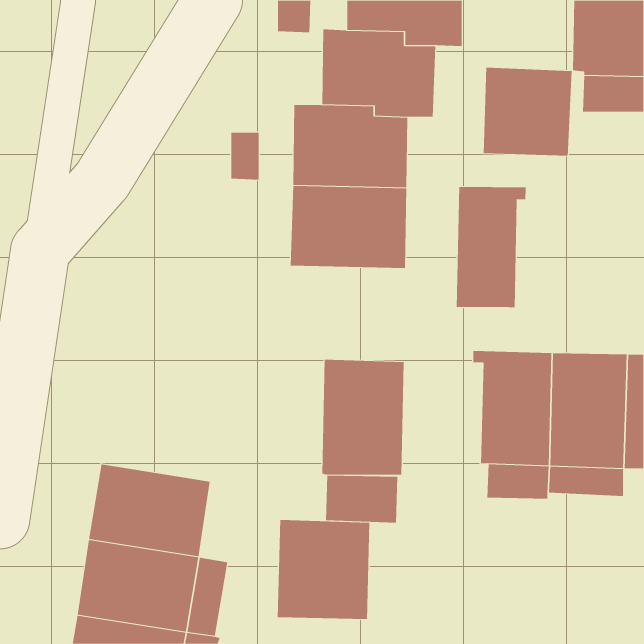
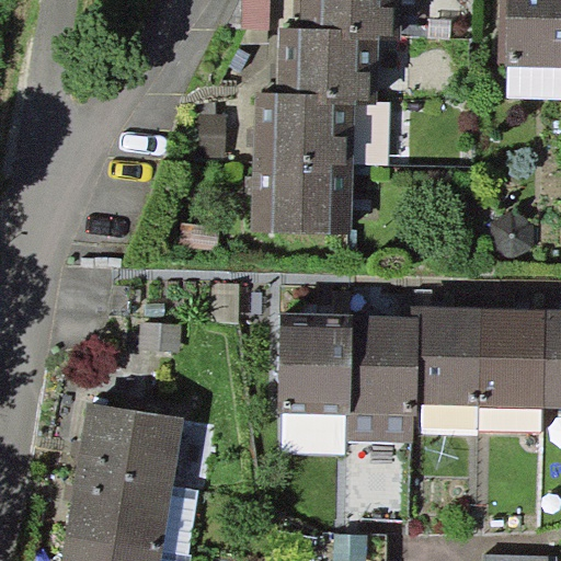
building: [483,67,572,156] -> none
building: [456,186,526,308] -> none
building: none -> [350,314,420,442]
building: [277,519,370,620] -> none

